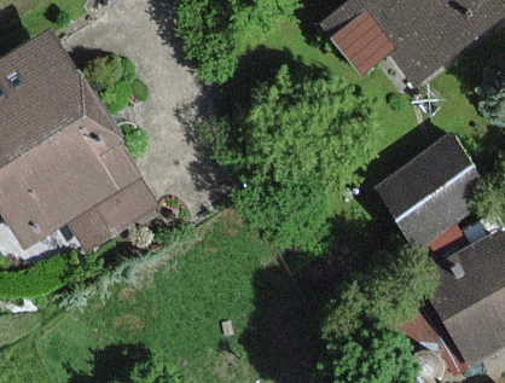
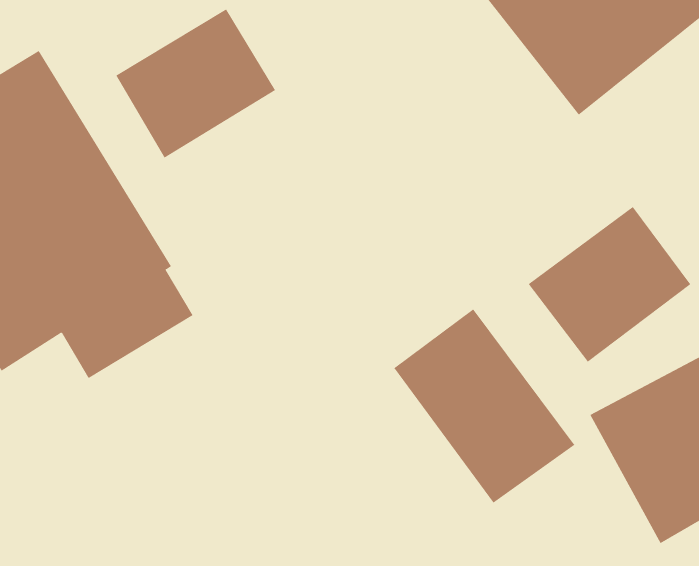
building: none -> [115,9,276,158]
building: none -> [393,309,575,504]

